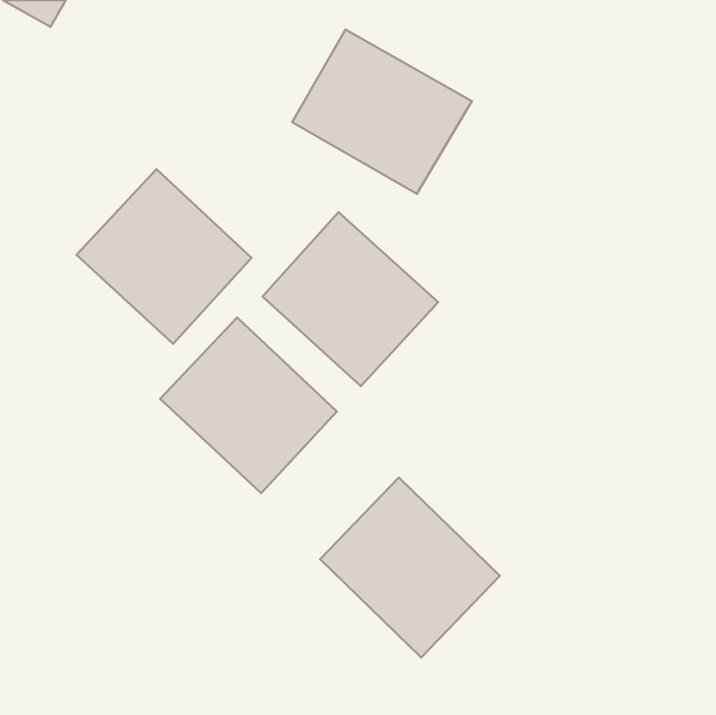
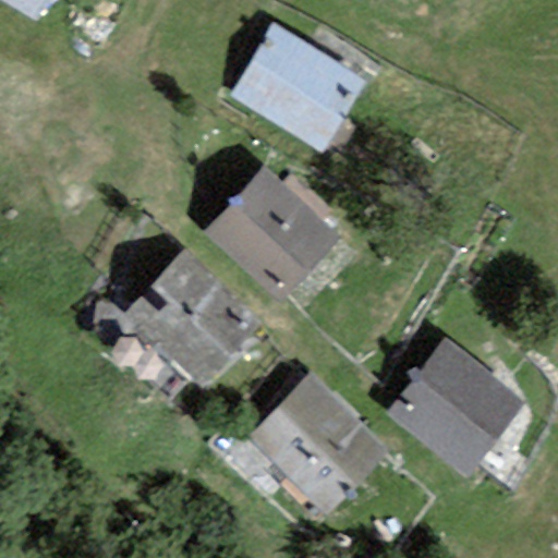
building: [76,169,252,344] -> none
building: none -> [388,340,522,473]

